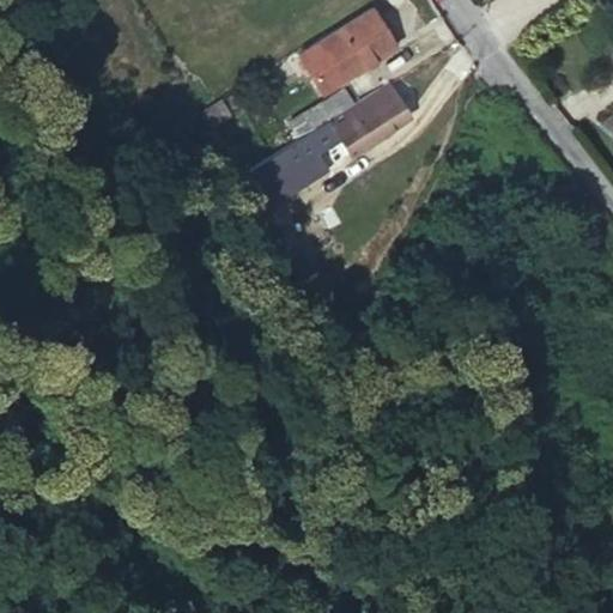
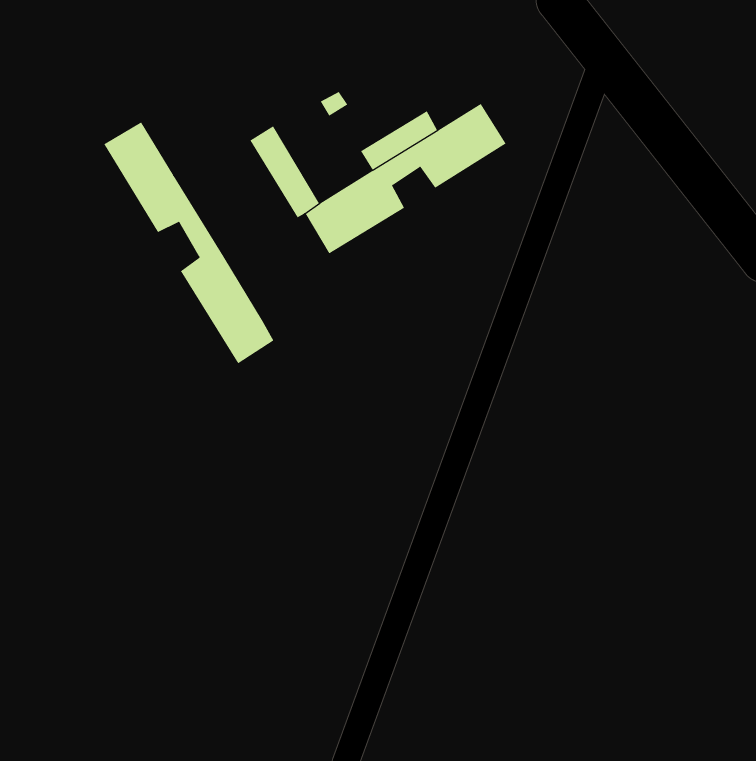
building: [304,11,397,96] -> none
building: none -> [104,122,274,364]

